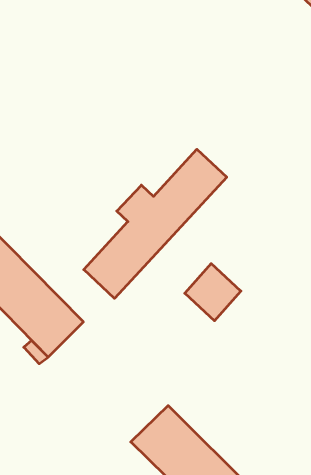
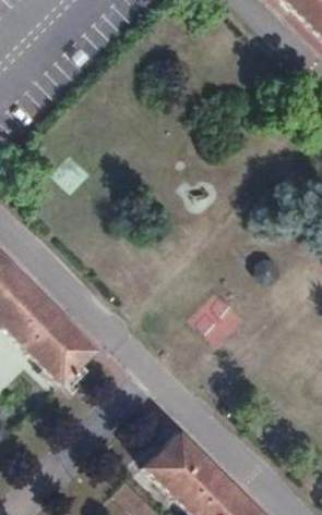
building: [84,149,227,298] -> none

